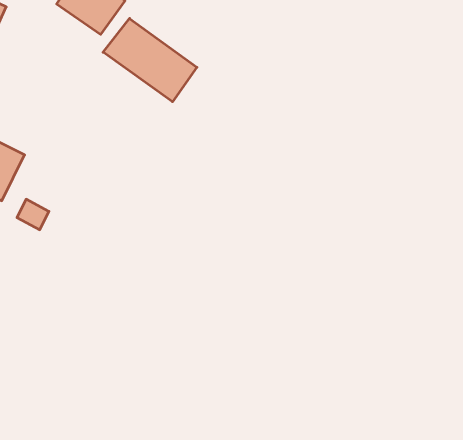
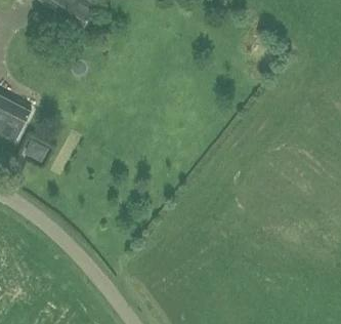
building: [103,18,197,102] -> none

